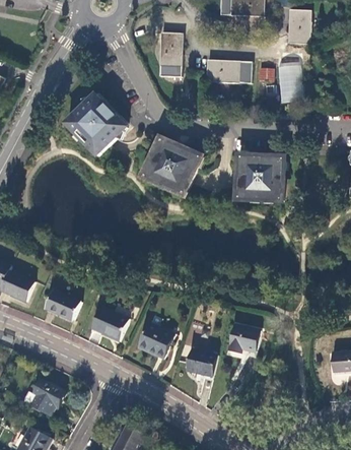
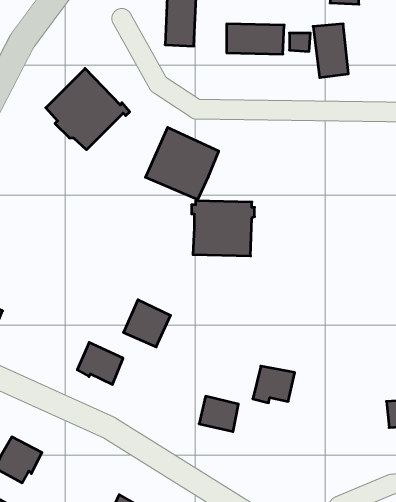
building: [236,157,285,200] -> [192,201,255,256]
building: [45,290,79,319] -> none
building: [137,321,173,358] -> [123,300,171,347]

